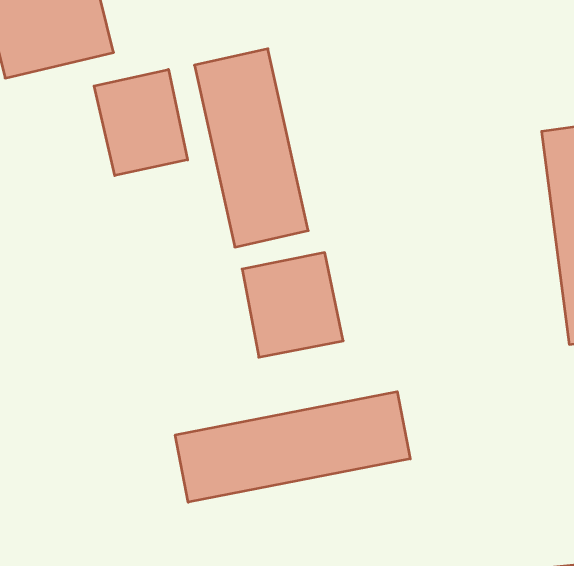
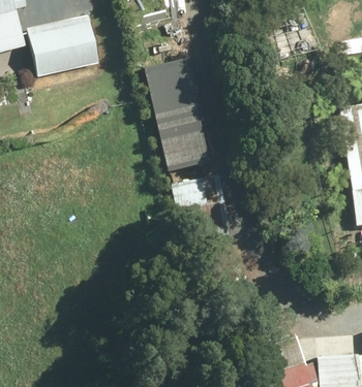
building: [94,69,188,176] -> none
building: [175,392,410,502] -> none

